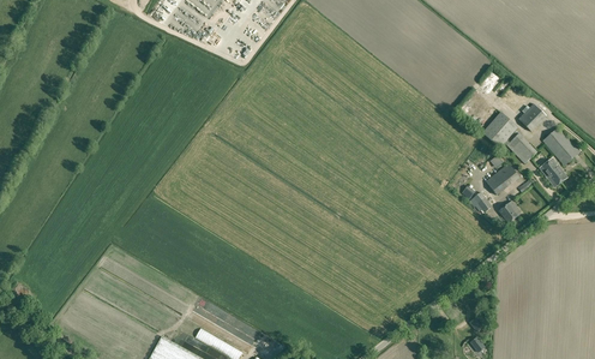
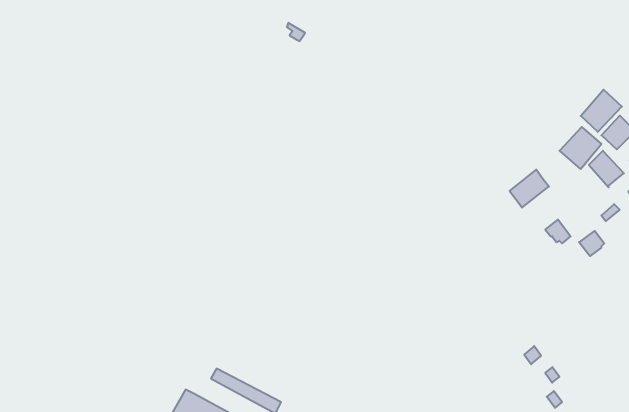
building: none -> [581,90,622,132]
building: [485,163,518,196] -> [510,170,549,208]

